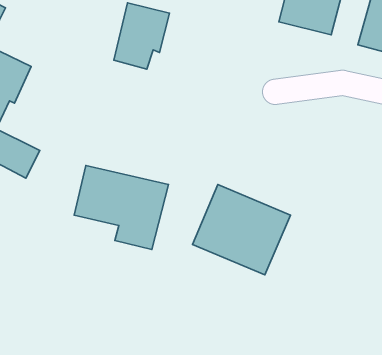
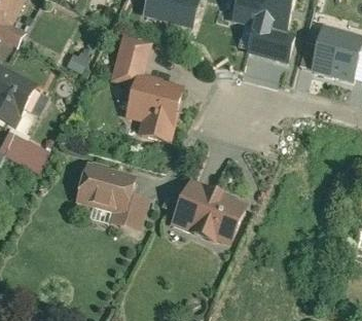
building: none -> [129,72,189,142]

